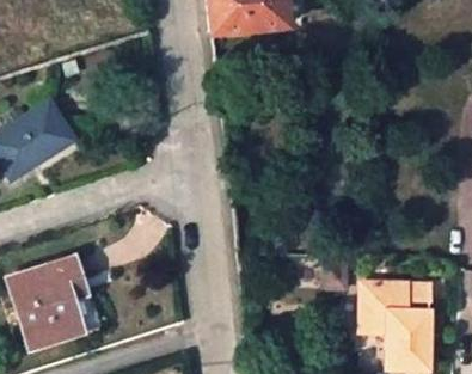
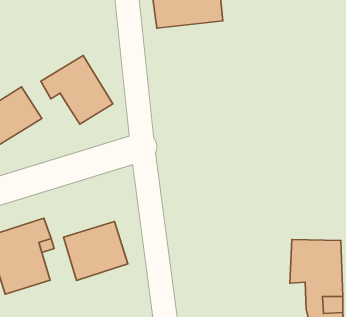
building: none -> [41,56,113,124]
building: none -> [63,221,128,280]

